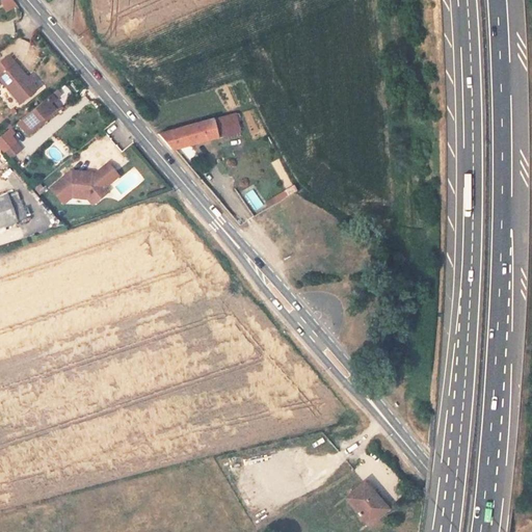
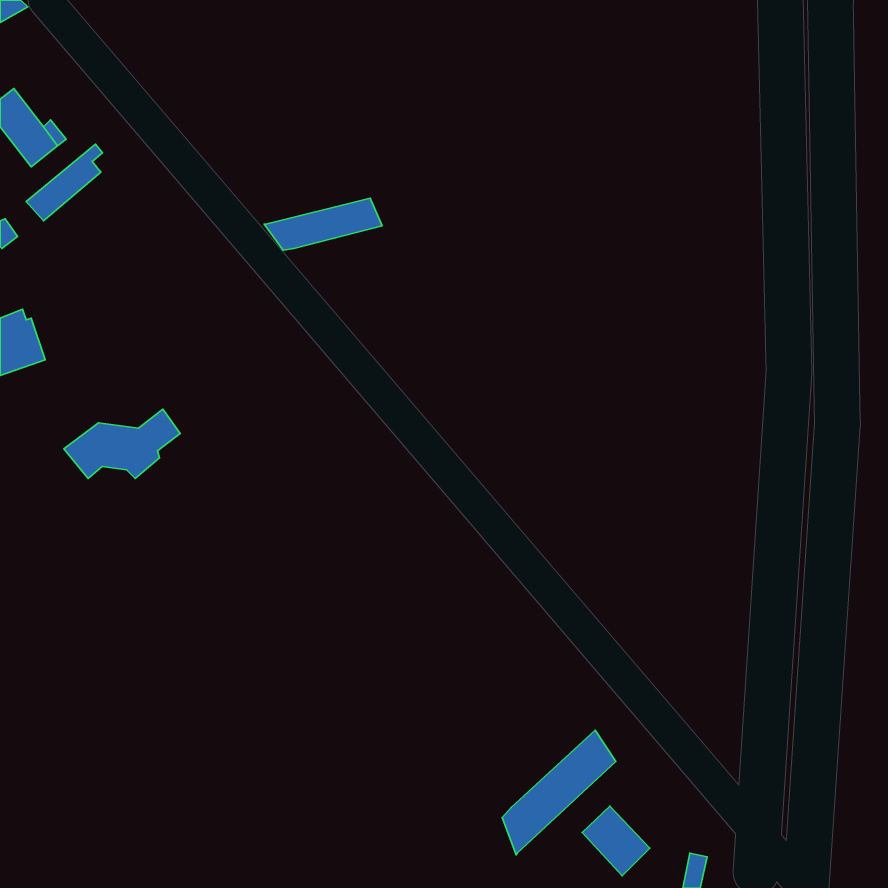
building: [52,164,122,206] -> [64,409,180,479]
building: none -> [502,730,616,855]

